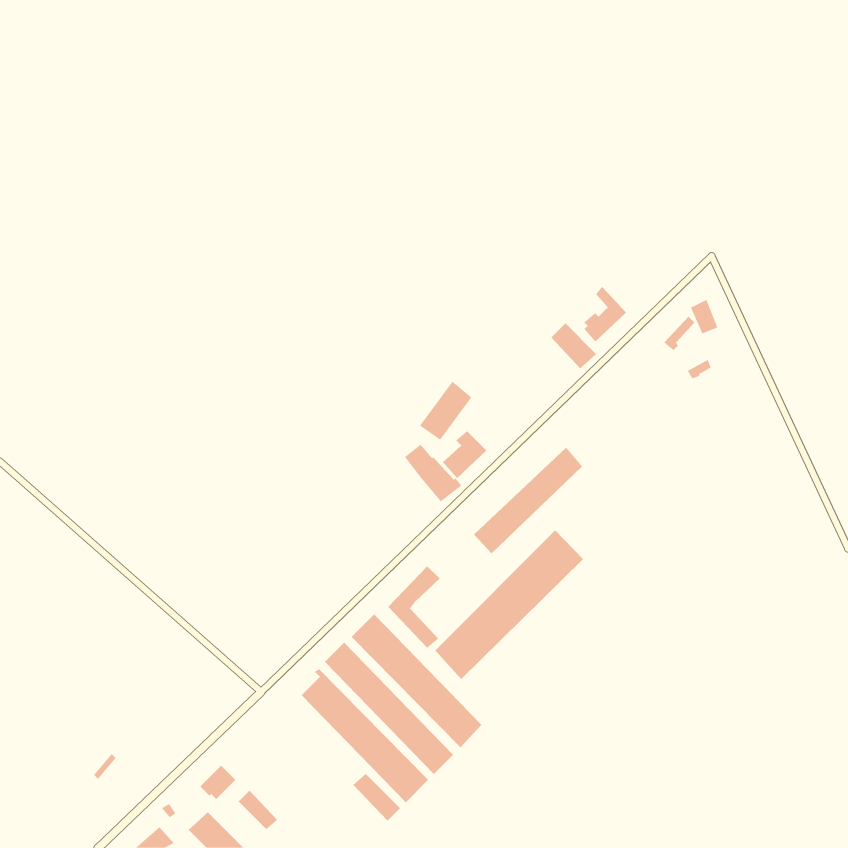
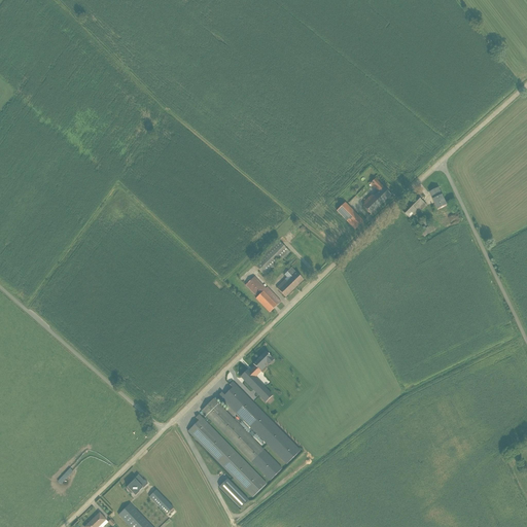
building: [473,447,583,554] -> none
building: [434,529,584,680] -> none

